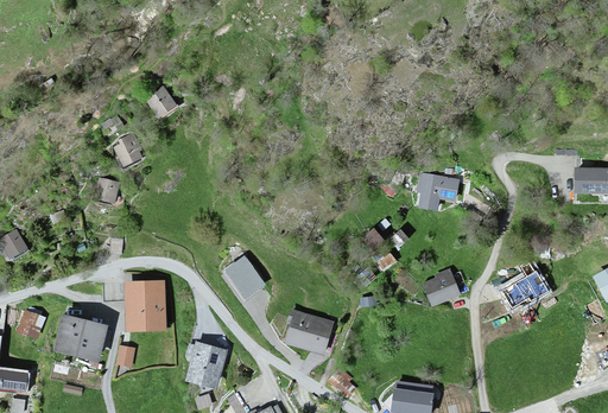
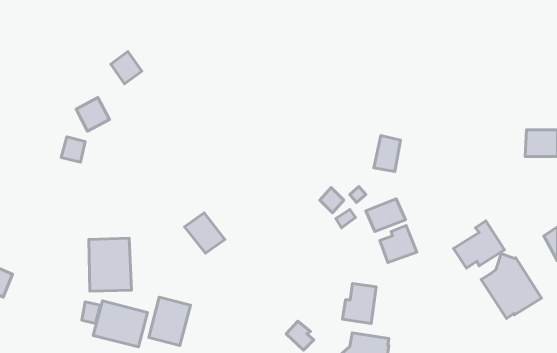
building: none -> [366,199,405,231]
building: none -> [481,253,542,318]
building: [283,310,331,354] -> none
building: [52,316,108,363] -> [93,301,148,347]
building: none -> [343,284,376,324]

